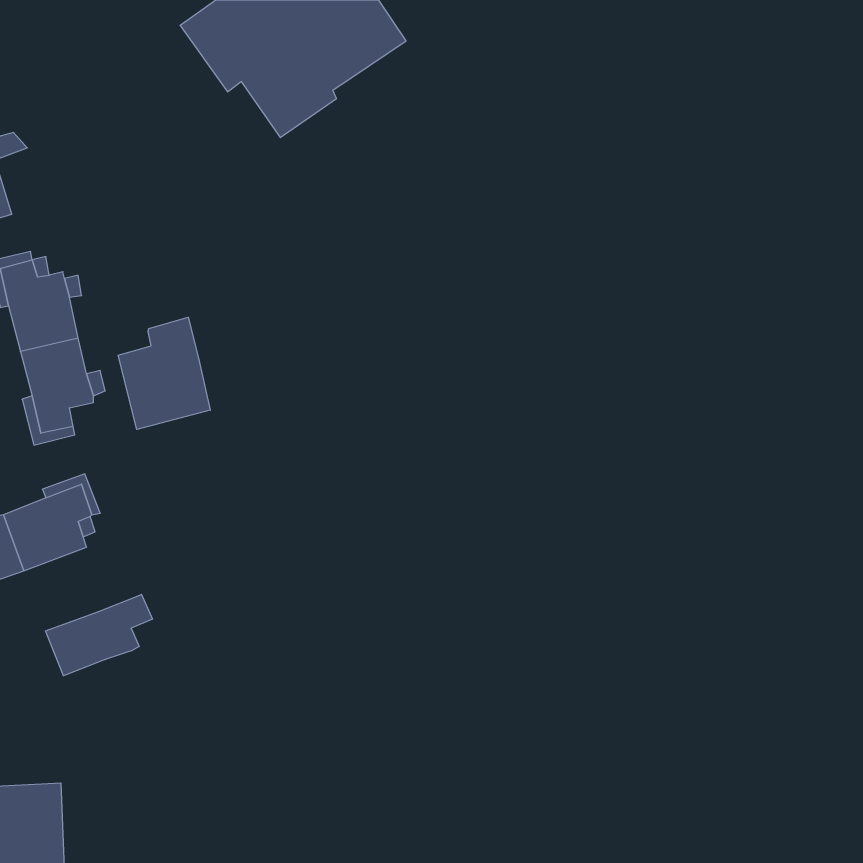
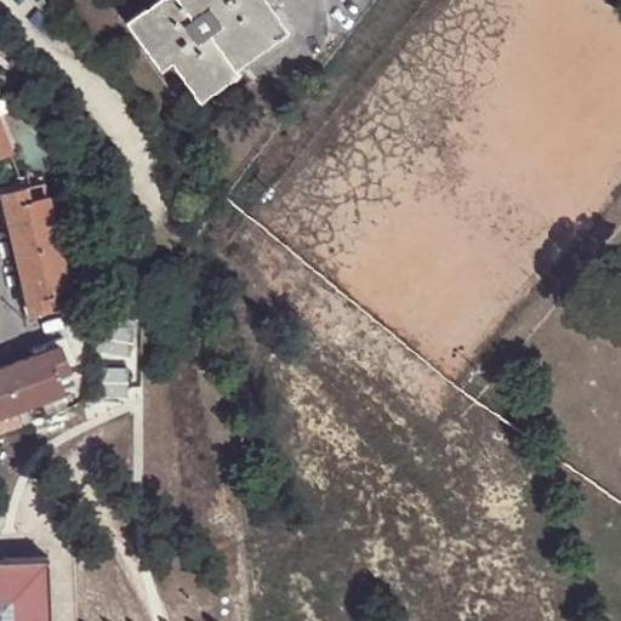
building: [118,317,210,429] -> none
building: [45,594,152,676] -> none

